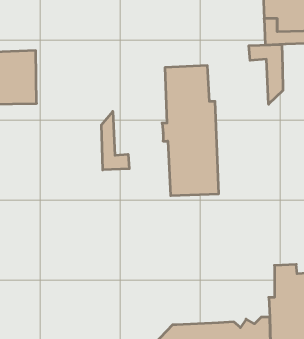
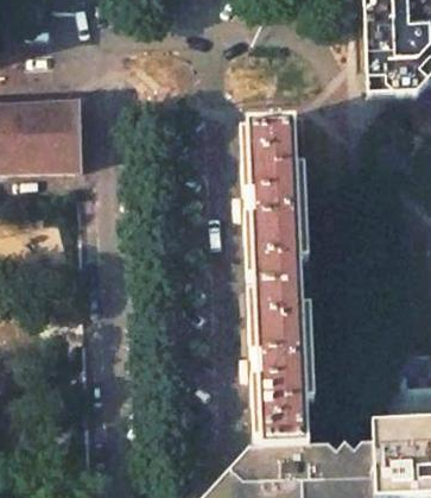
building: [249,44,283,104] -> none
building: [101,111,129,170] -> none
building: none -> [245,288,315,453]

